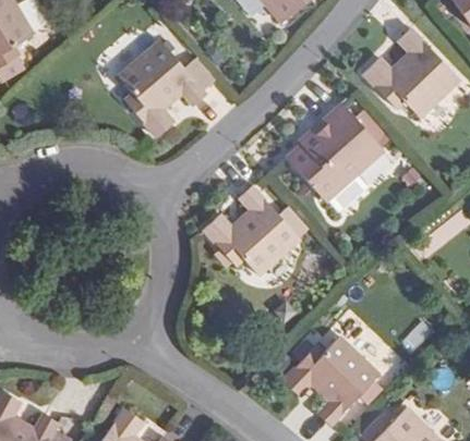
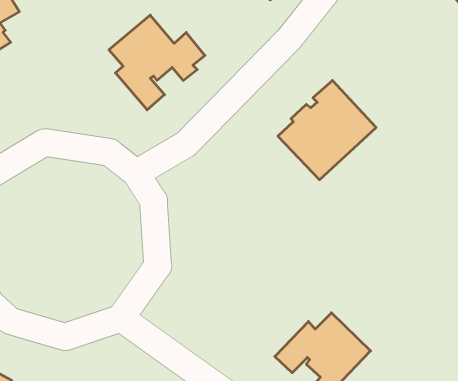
building: [362,28,457,118] -> none
building: [206,184,300,273] -> none

